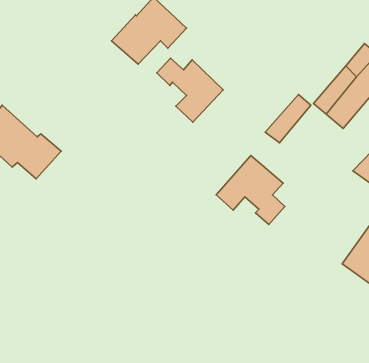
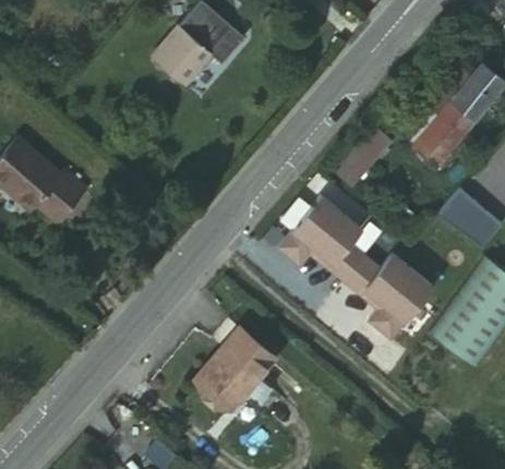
building: [157,58,223,122] -> none
building: none -> [342,258,429,340]
building: none -> [203,327,278,407]

